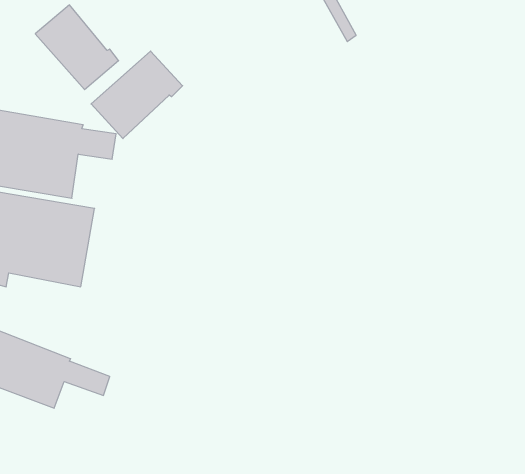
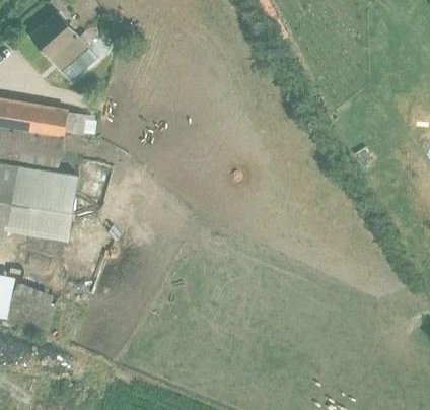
building: [91,51,183,139] -> none

